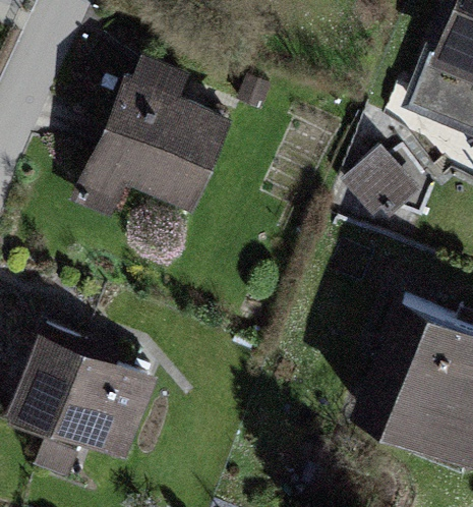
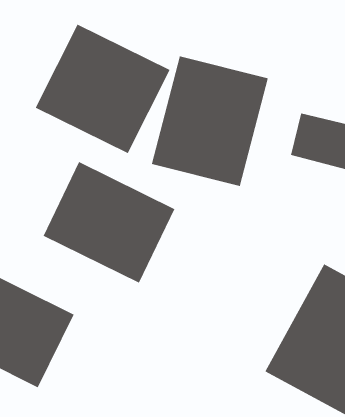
building: none -> [151,55,269,187]
building: none -> [43,161,175,284]

